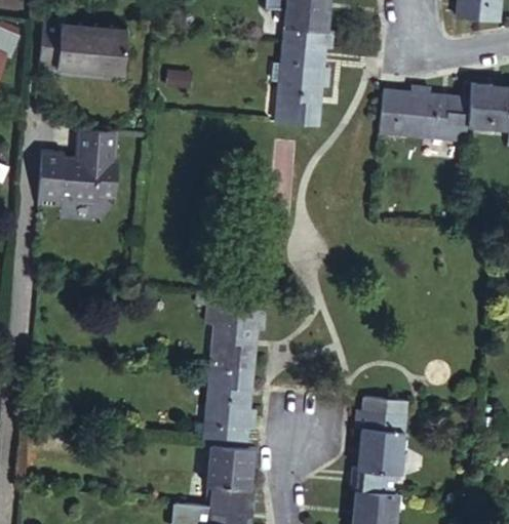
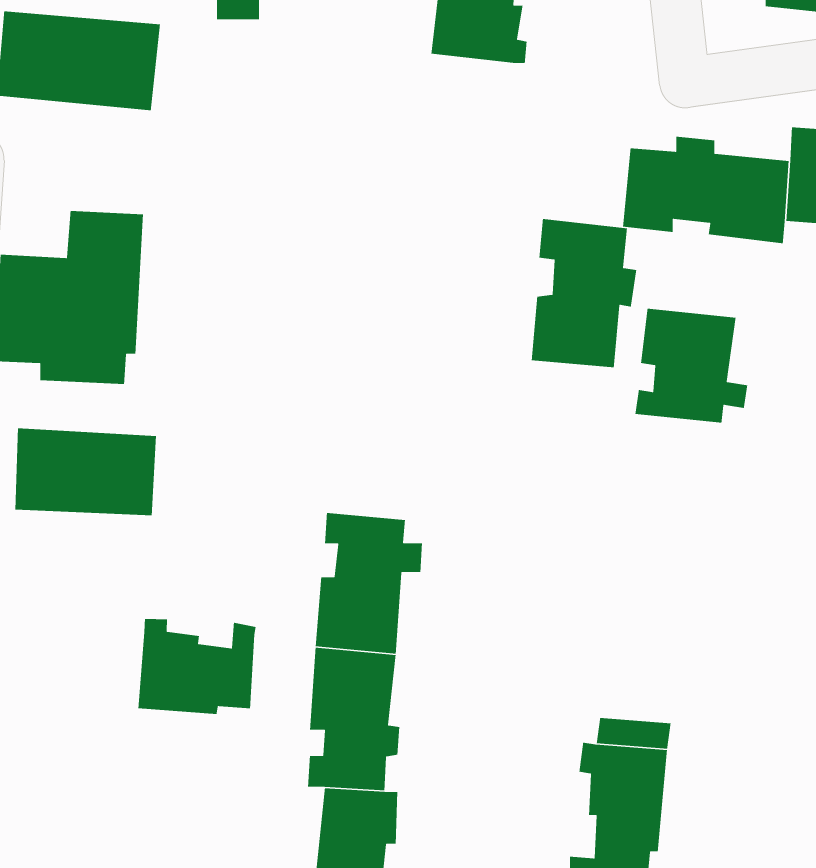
building: [269,42,326,123] -> [531,218,637,368]
building: none -> [634,308,748,423]
building: none -> [14,428,157,516]
building: none -> [137,618,256,715]

